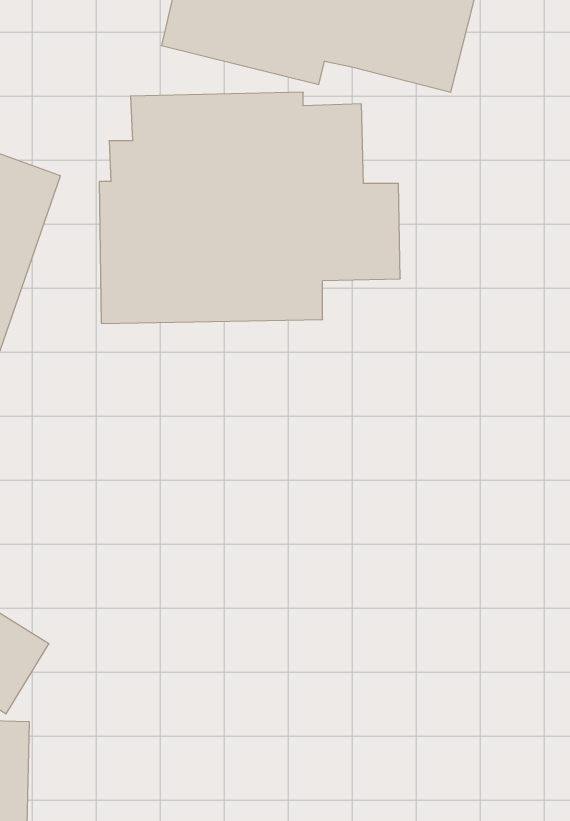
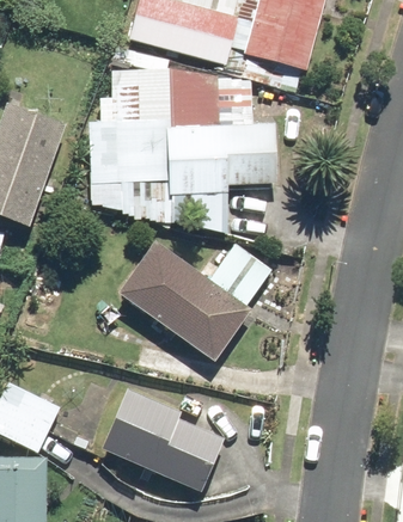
building: none -> [117,239,270,361]
building: none -> [96,387,221,491]

